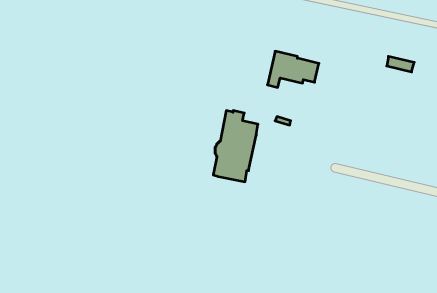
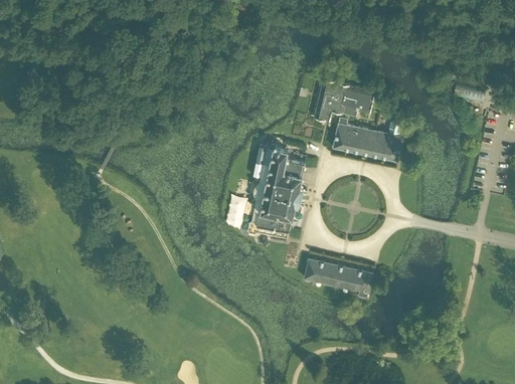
building: none -> [333,120,401,160]
building: none -> [304,258,372,298]

